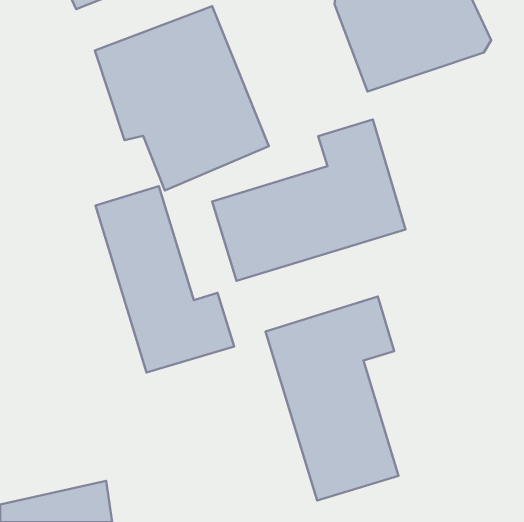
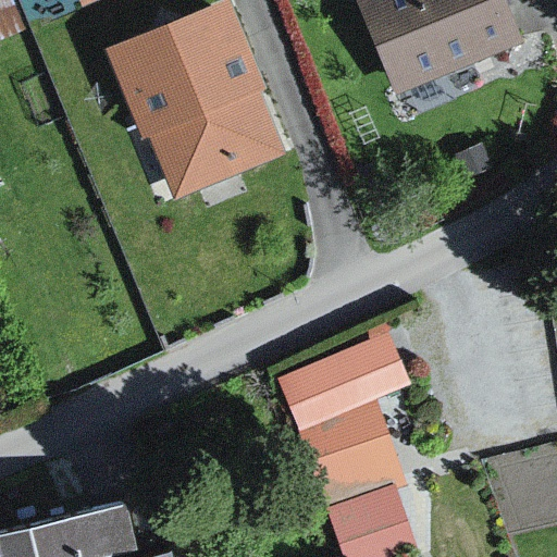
building: [212,119,405,281] -> none
building: [96,186,234,373] -> none

